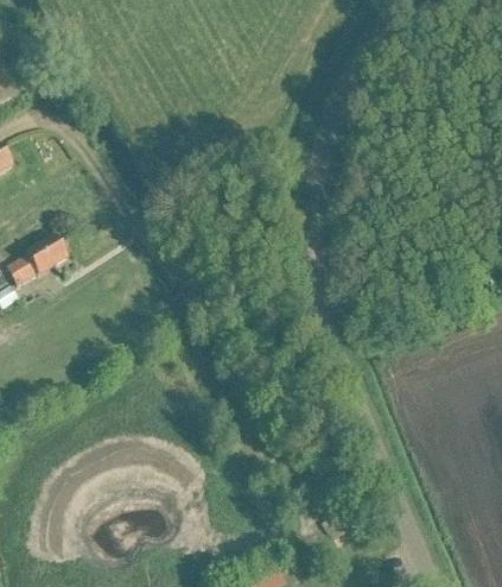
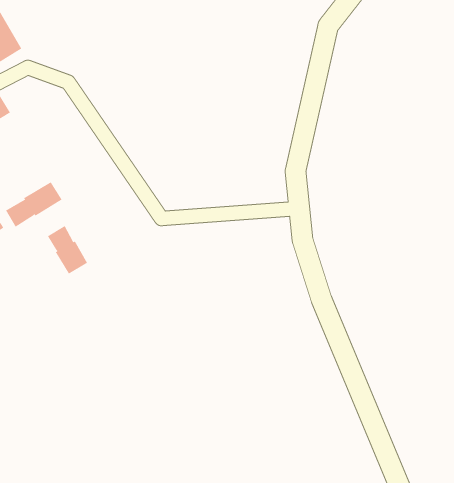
building: none -> [47,225,88,274]

